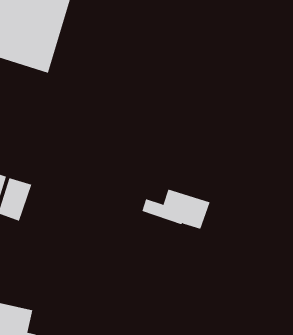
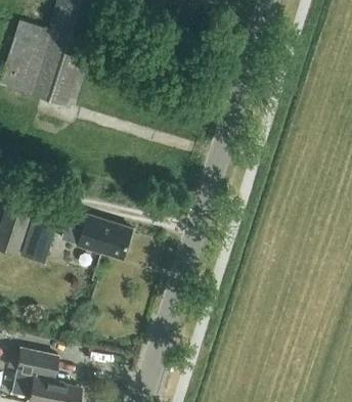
building: [142,189,211,230] -> [60,215,133,258]

